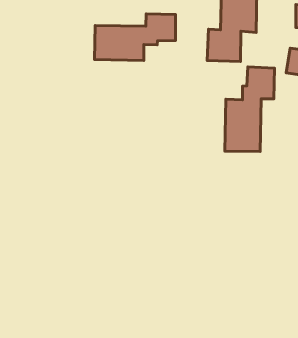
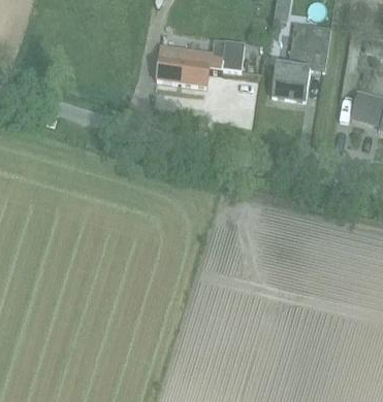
building: [225,67,275,152] -> none

